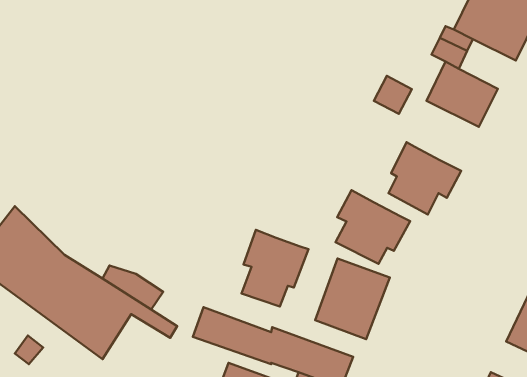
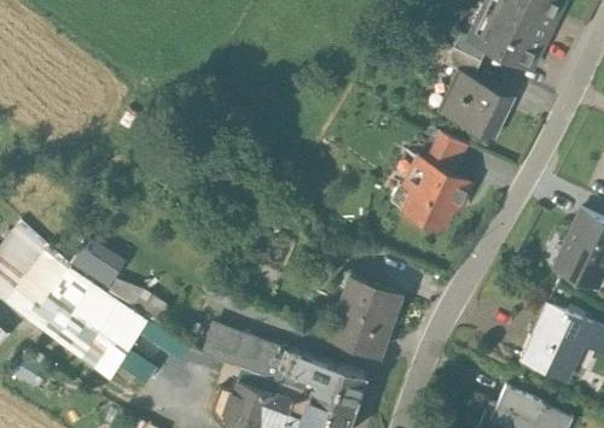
building: [374,76,412,114] -> [428,135,466,174]
building: [335,190,410,264] -> none
building: none -> [74,239,126,286]
building: [242,230,308,306] -> none

